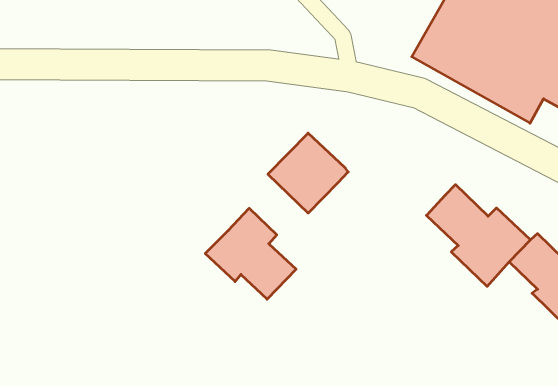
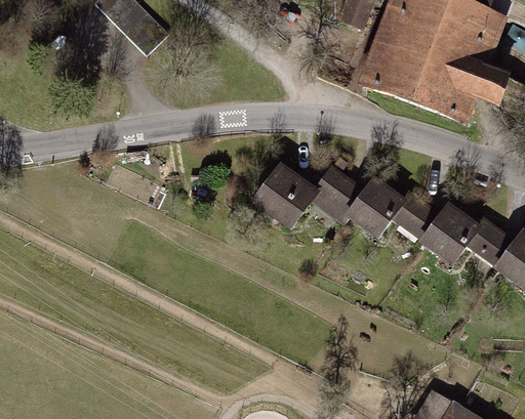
building: none -> [312,165,404,243]
building: [205,208,296,299] -> none

